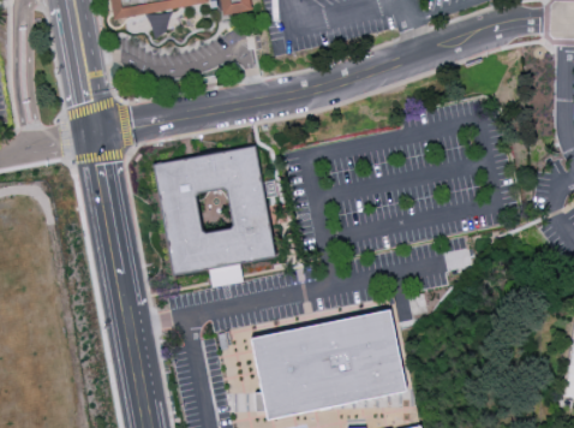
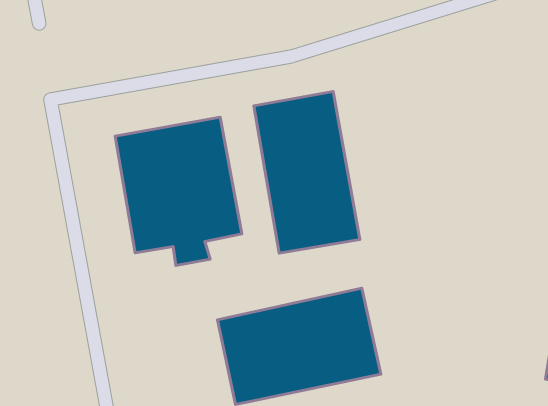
building: none -> [254,92,360,253]

